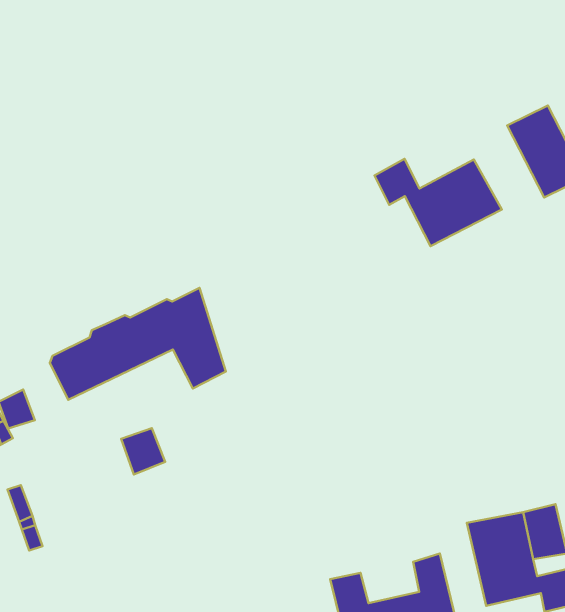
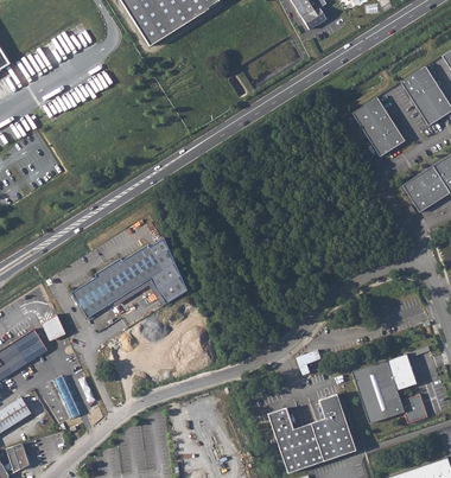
building: [374,159,502,246] -> none
building: [121,428,165,475] -> none

